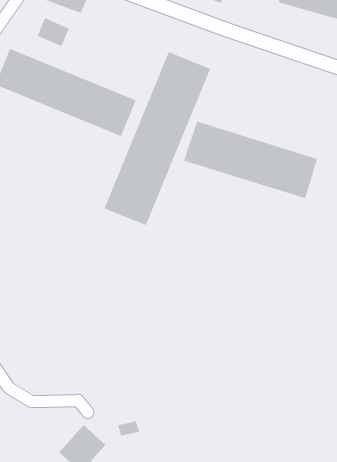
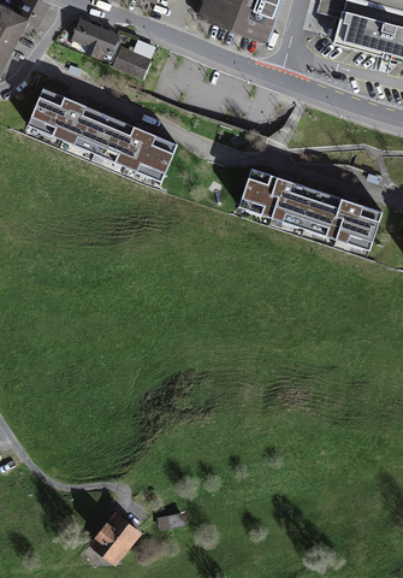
building: [37,18,69,47] -> [114,42,150,75]
building: [104,51,211,226] -> none

